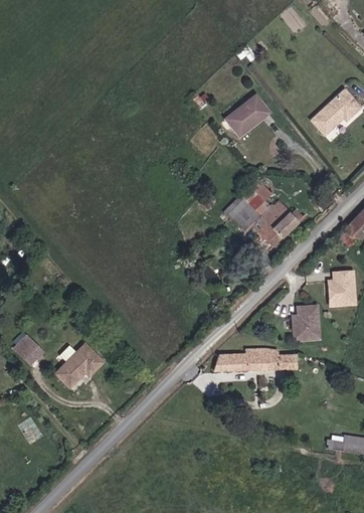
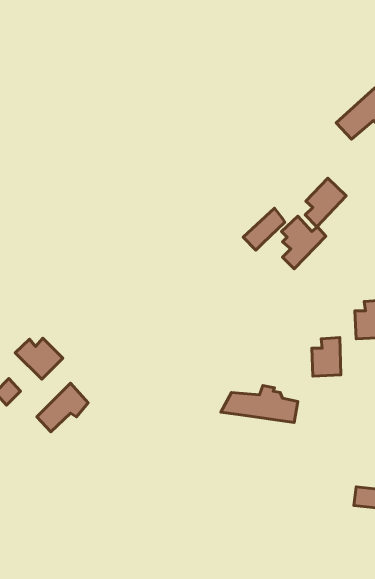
building: [224,92,271,139] -> none
building: none -> [305,178,346,227]
building: none -> [15,338,63,379]

